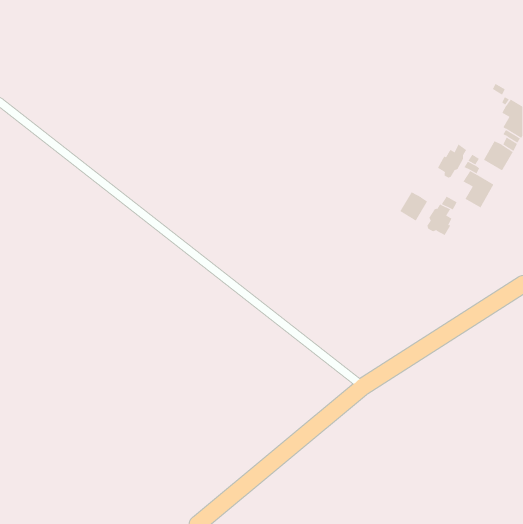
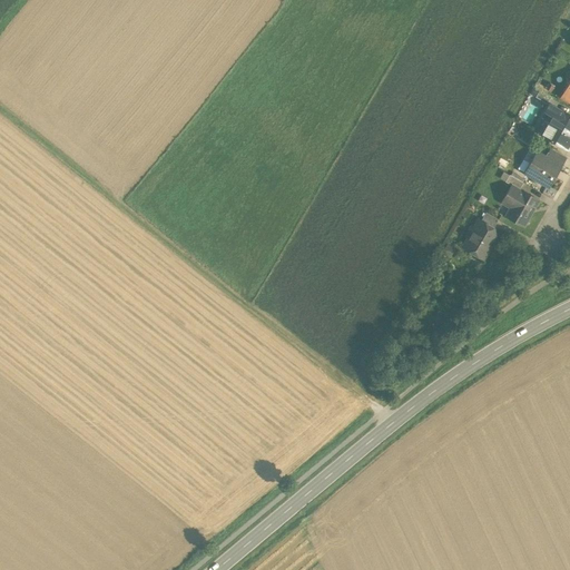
building: [437,144,467,178] -> none
building: [399,191,428,221] -> none

